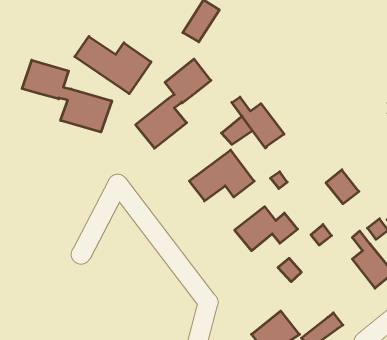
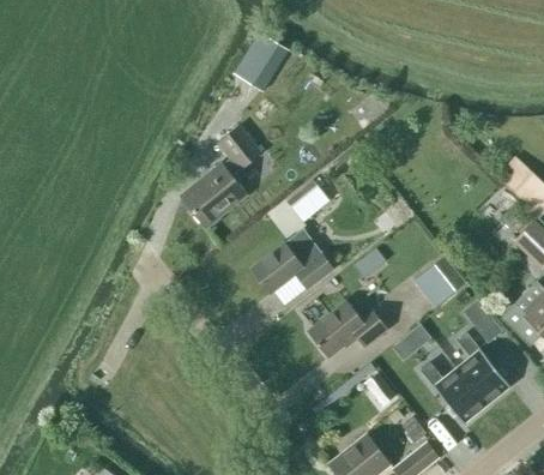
building: [75,36,151,94] -> none
building: [22,60,112,132] -> none
building: [232,97,284,148] -> none
building: none -> [419,362,485,423]

